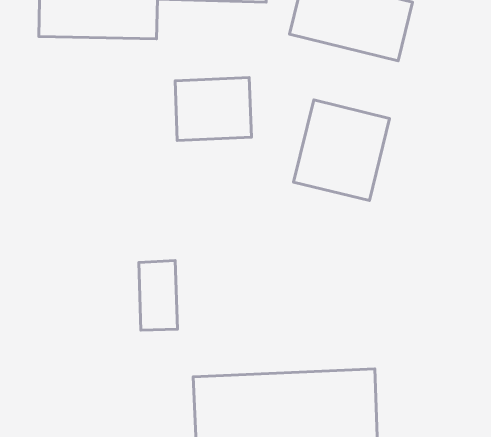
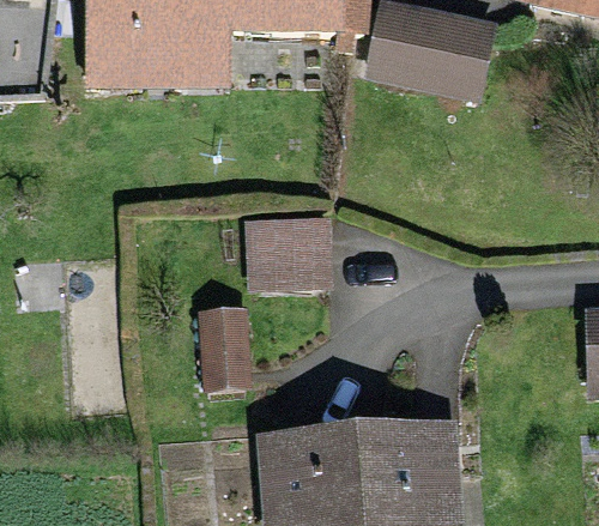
building: [175,77,251,141] -> [247,219,329,288]
building: [294,100,390,201] -> none

